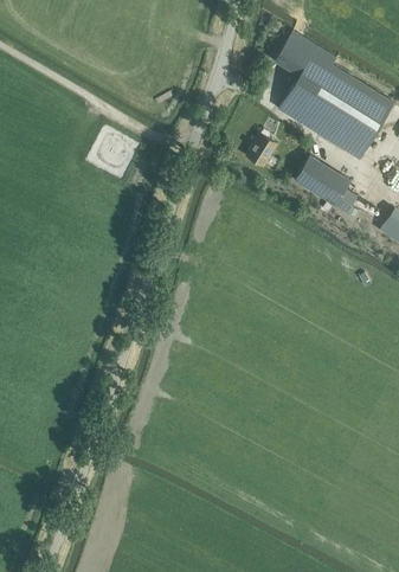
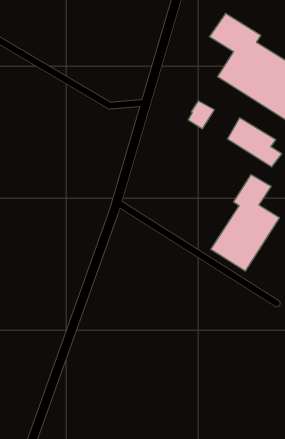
building: none -> [211,175,279,271]

